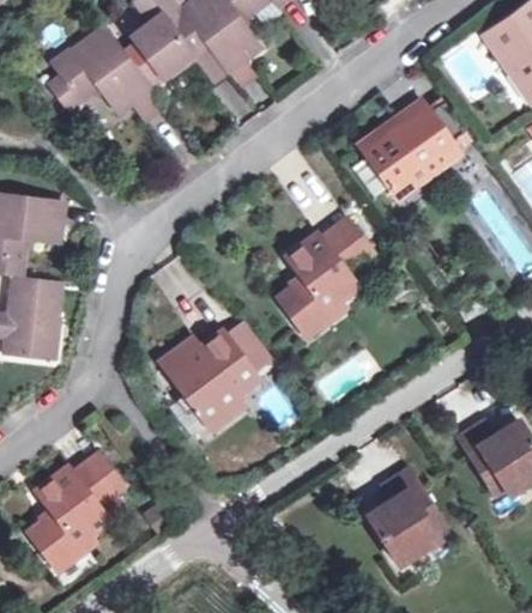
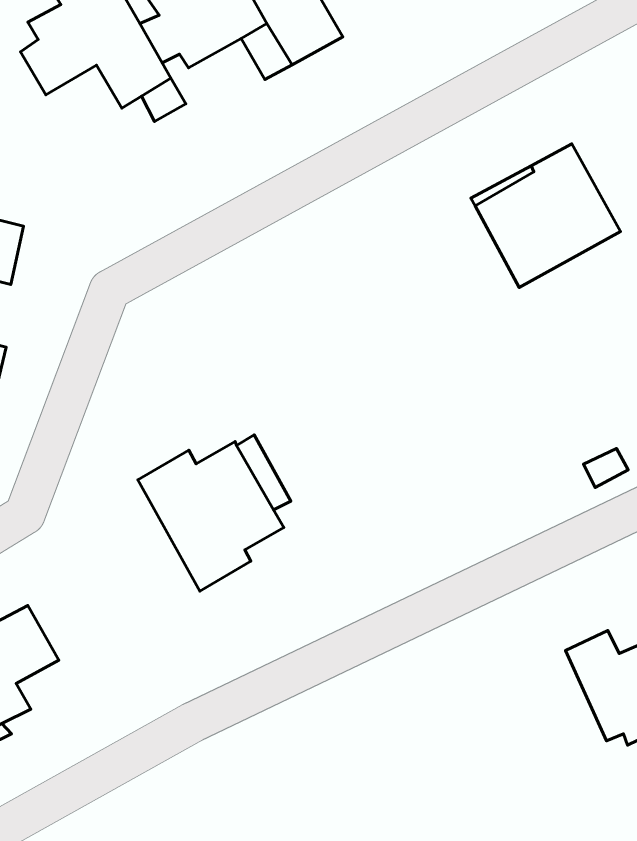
building: [278,218,373,334] -> none
building: [367,466,445,563] -> none

